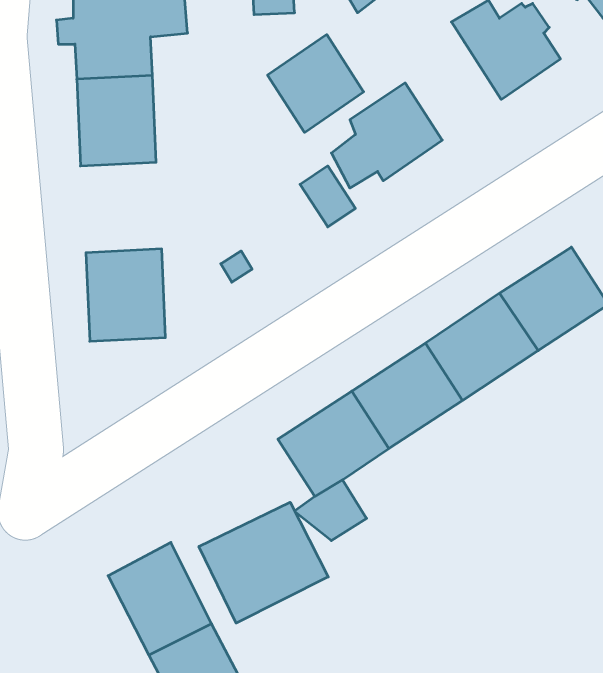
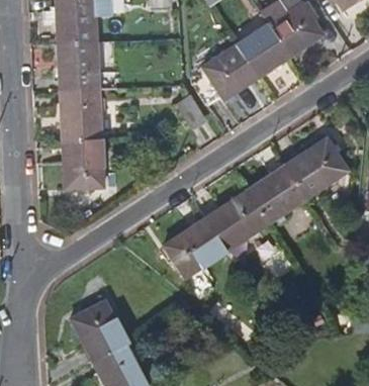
building: [268,35,364,132] -> [236,24,288,78]
building: none -> [58,90,102,139]
building: [199,502,328,623] -> none

